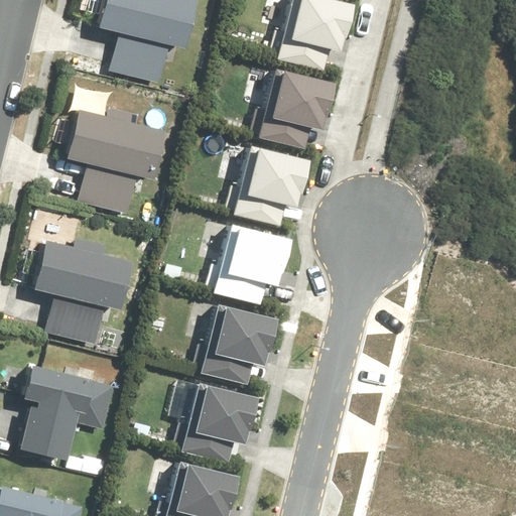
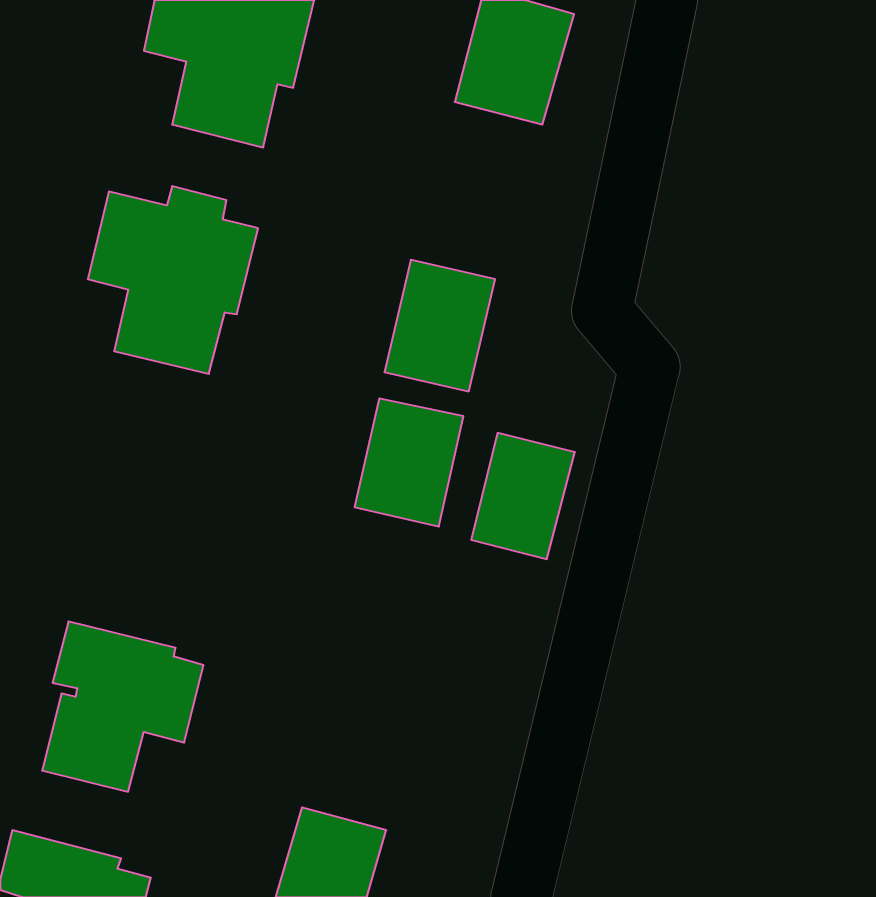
building: [257,72,321,150] -> none
building: [52,233,153,343] -> none
building: [204,308,263,381] -> [471,433,575,559]
building: [188,383,255,457] -> none

